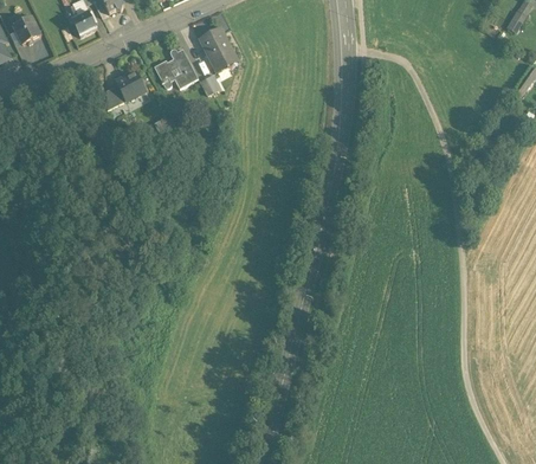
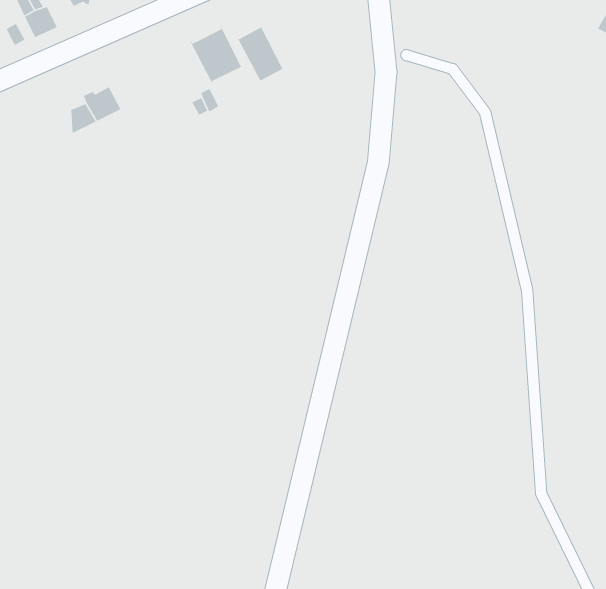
building: none -> [235,24,286,86]
building: [154,49,198,88] -> none

